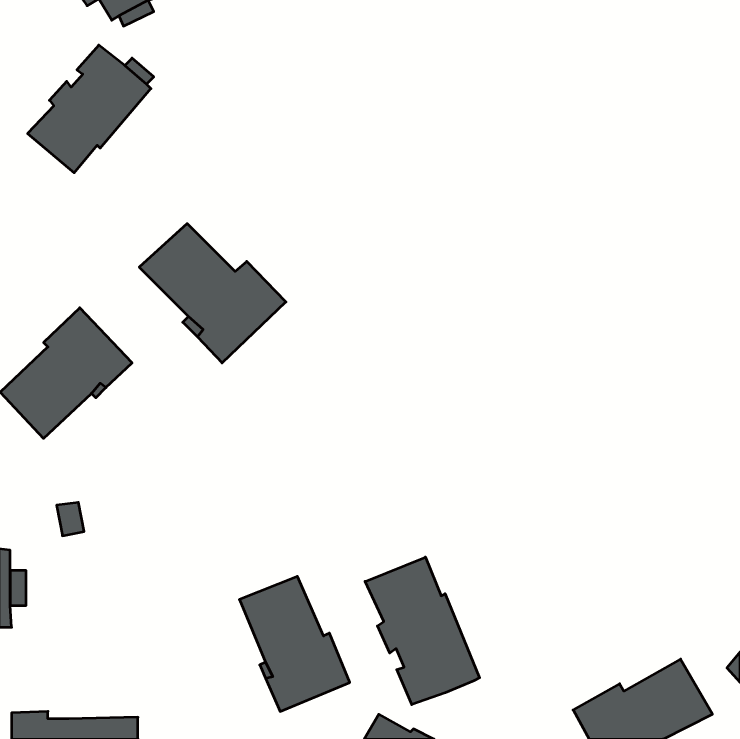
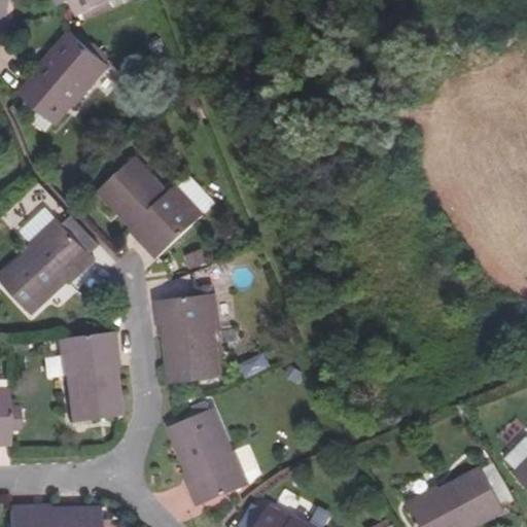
building: none -> [159,293,217,383]
building: none -> [58,331,118,422]
building: [365,557,480,705] -> none

